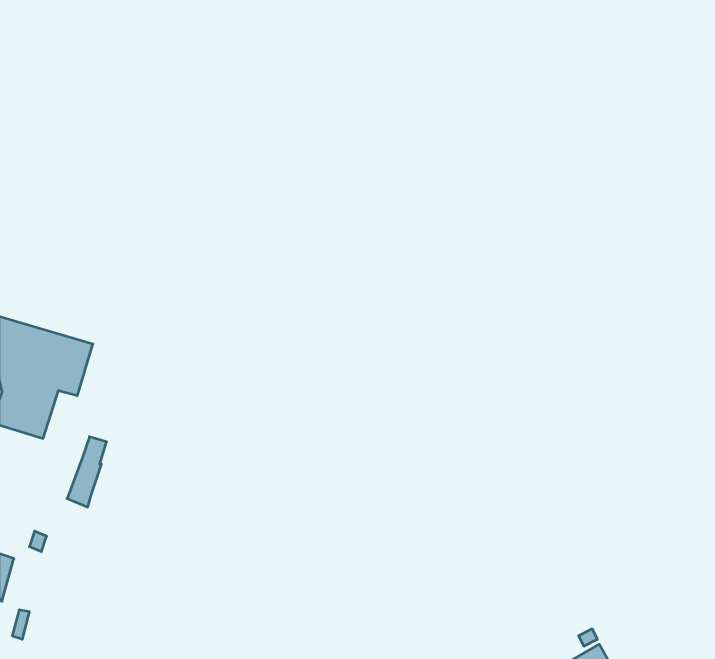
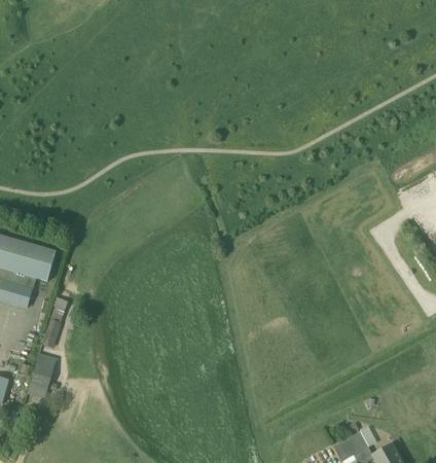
building: none -> [28,355,56,397]

